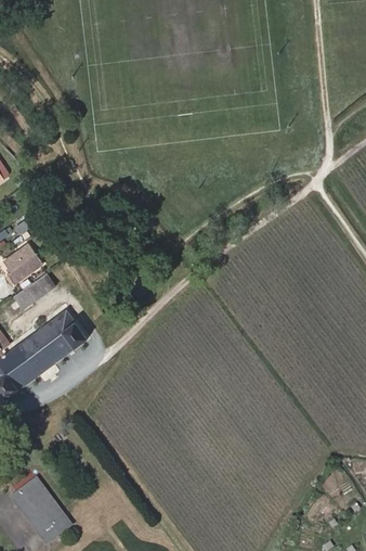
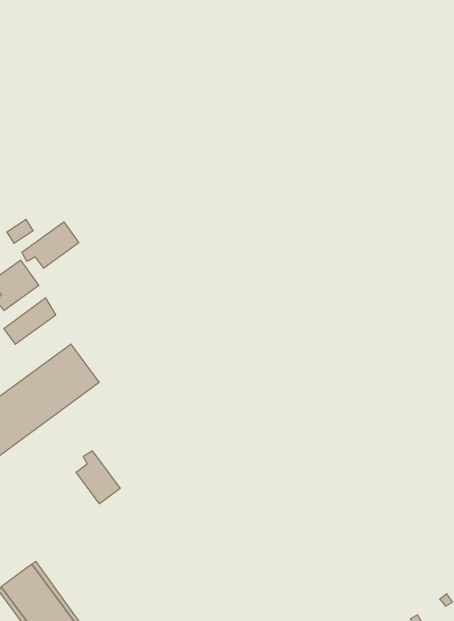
building: none -> [22,222,79,268]
building: none -> [76,451,120,504]

